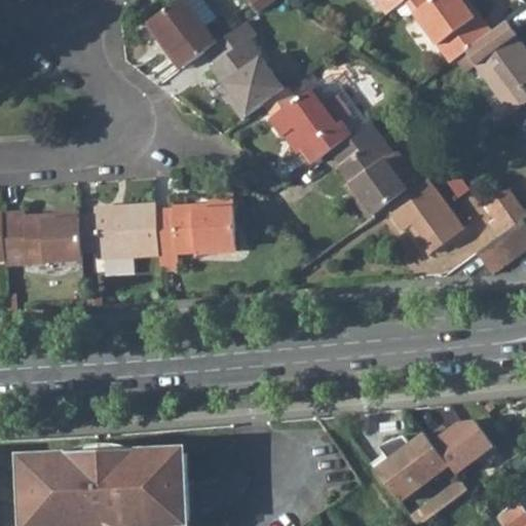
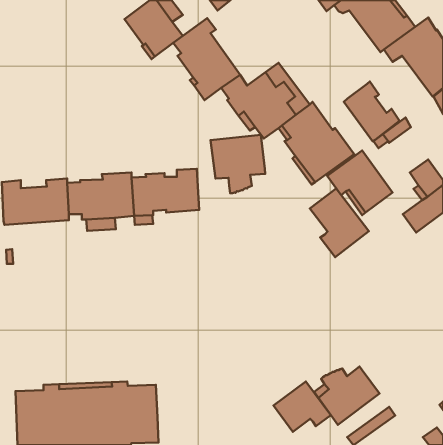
building: none -> [344,81,400,141]
building: none -> [210,135,265,193]
building: none -> [310,189,369,257]
building: [427,420,494,474] -> none
building: none -> [273,382,331,432]

